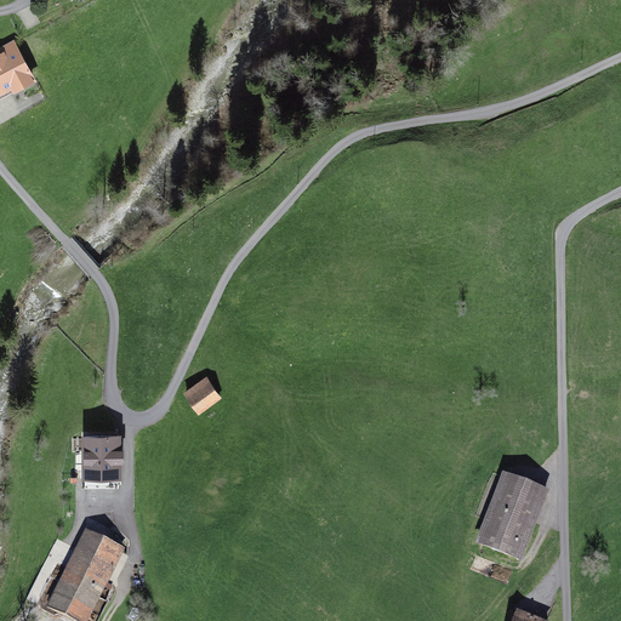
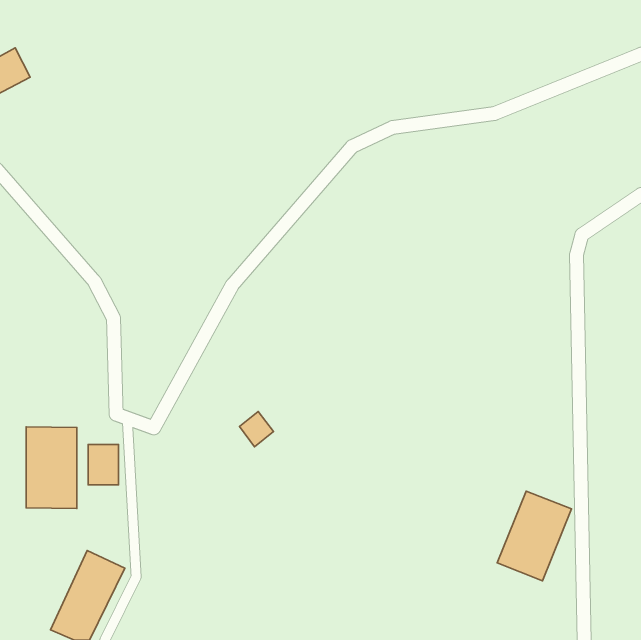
building: [183,375,216,409] -> [239,411,273,447]
building: none -> [26,427,77,509]

